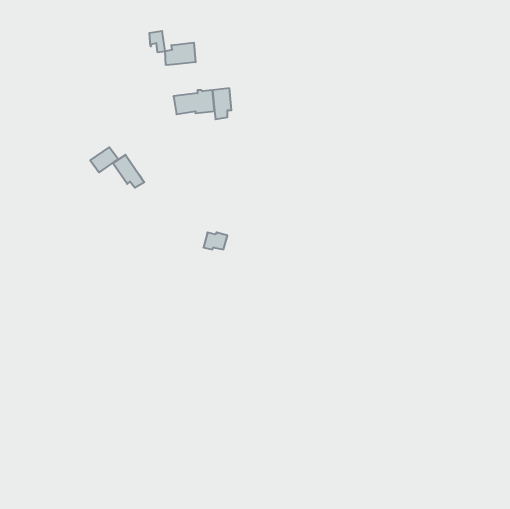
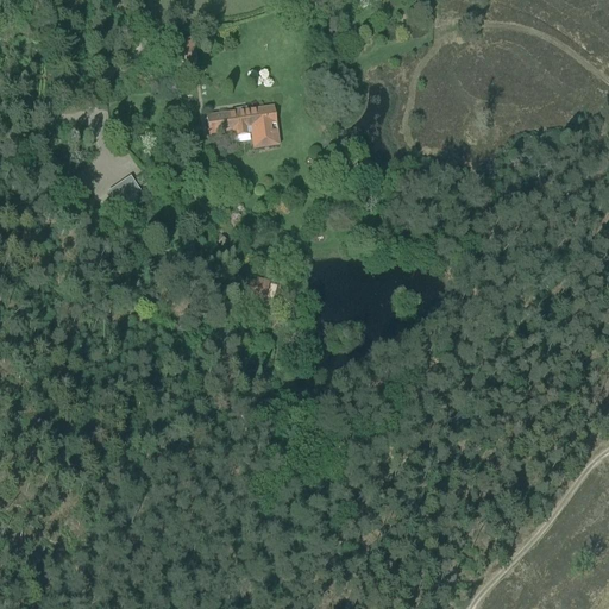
building: [165,43,196,65] -> none
building: [113,155,144,188] -> none

